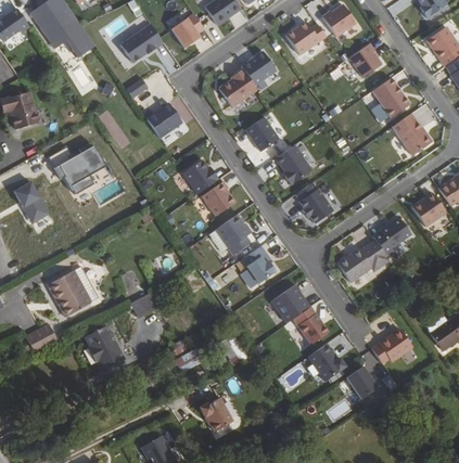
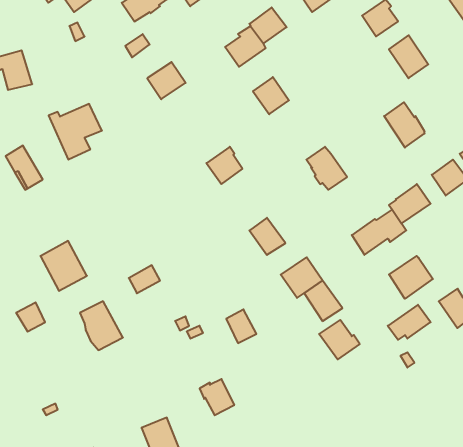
building: [393,113,431,155] -> [384,102,425,148]
building: [276,144,311,183] -> none
building: [183,158,219,193] -> none
building: [215,214,251,248] -> none
building: none -> [389,256,433,299]
building: [346,365,377,398] -> none

